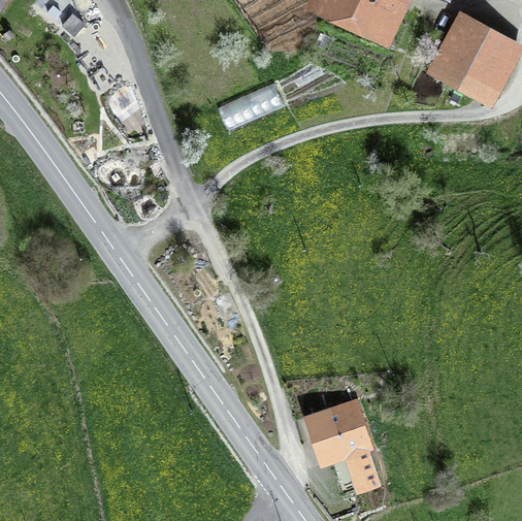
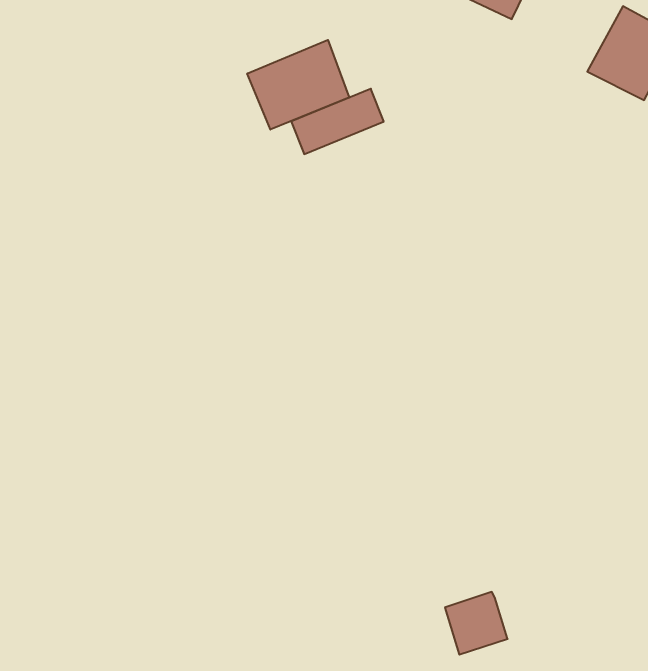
building: none -> [247,40,349,130]
building: [309,400,372,455] -> none

